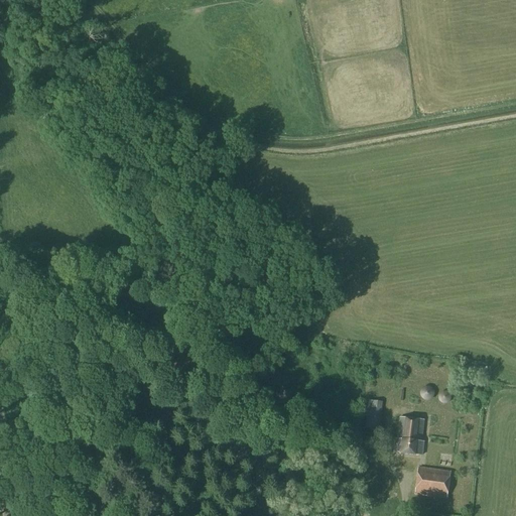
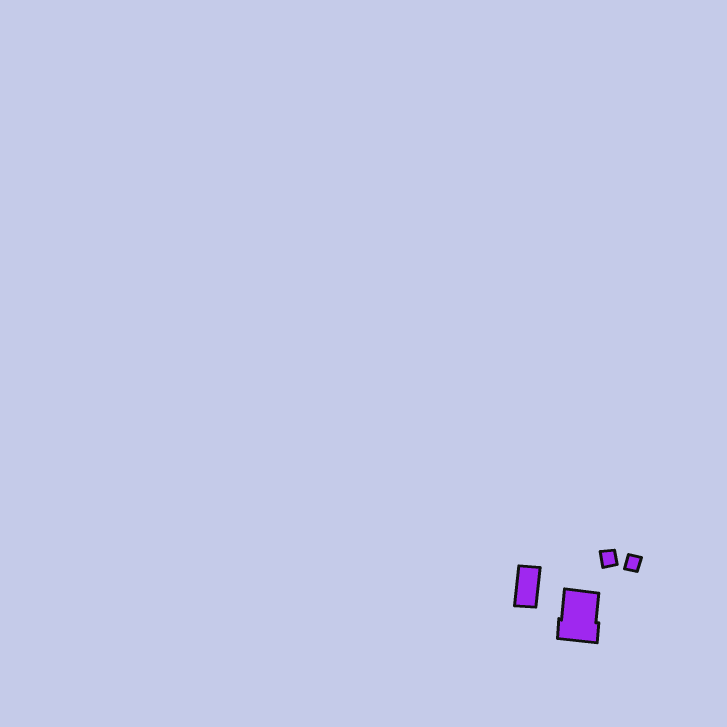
building: [415,467,450,497] -> none

